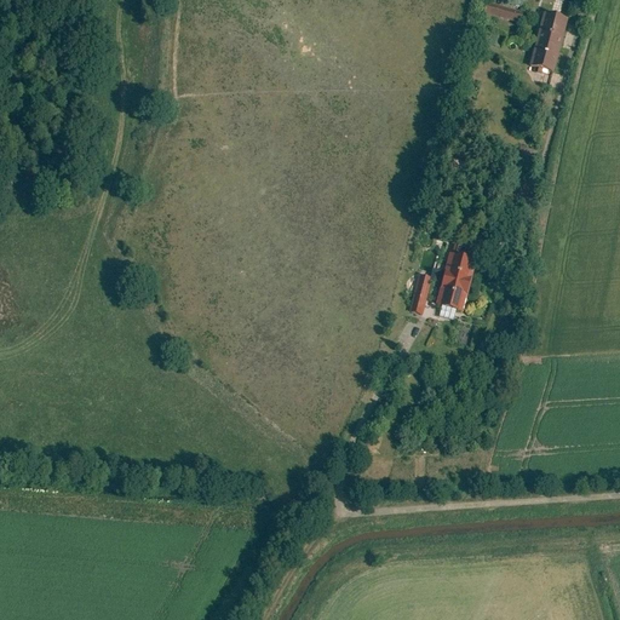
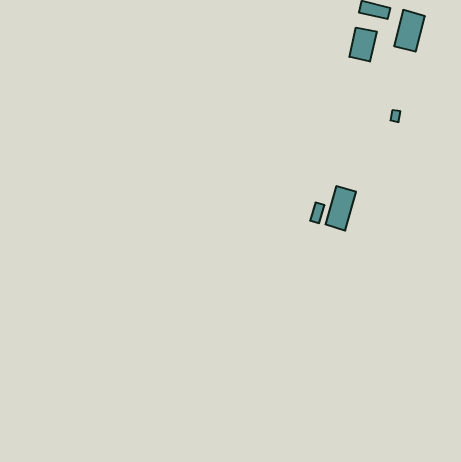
building: none -> [349,28,377,62]

